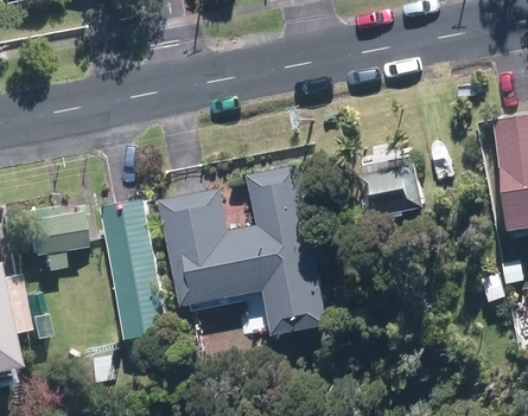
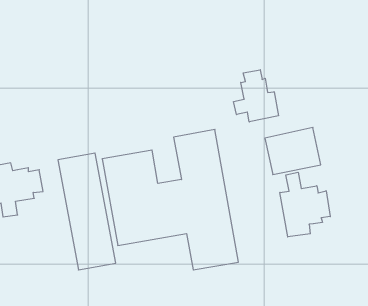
building: none -> [234,70,278,122]
building: none -> [280,172,330,237]

